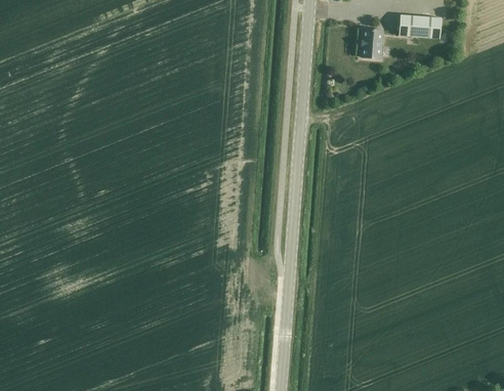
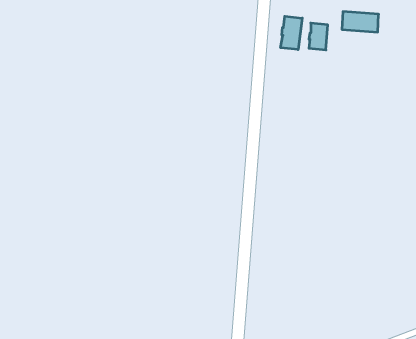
building: none -> [281,16,302,50]

